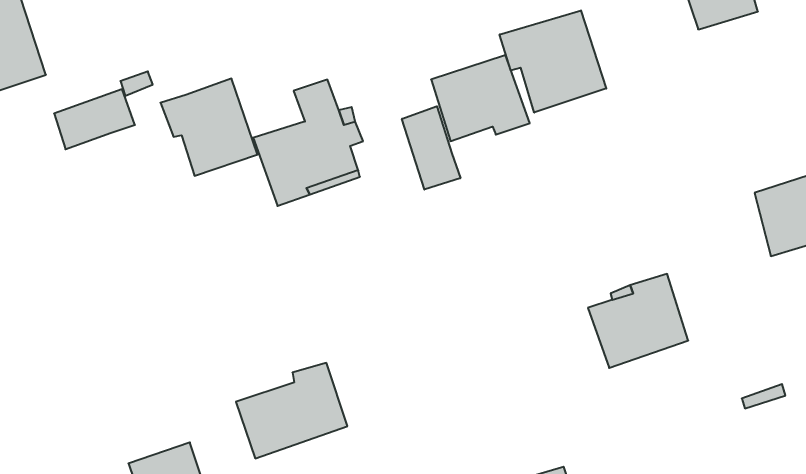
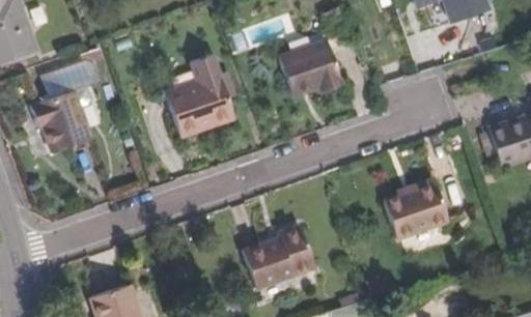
building: [500,10,606,113] -> none
building: [160,79,258,176] -> [30,88,92,150]
building: [402,106,460,190] -> none
building: [236,363,347,458] -> [239,227,310,288]

